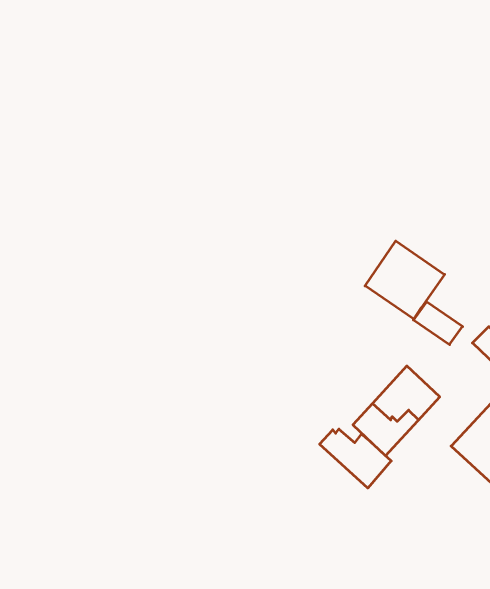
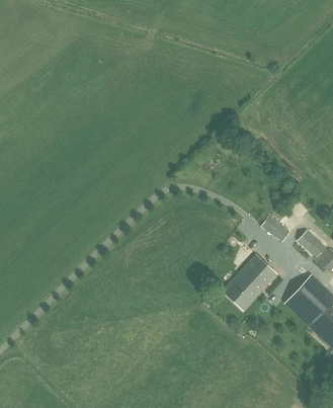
building: [365,241,445,319] -> none
building: [320,429,391,488] -> none

